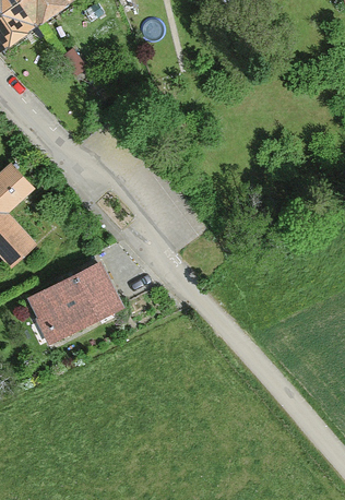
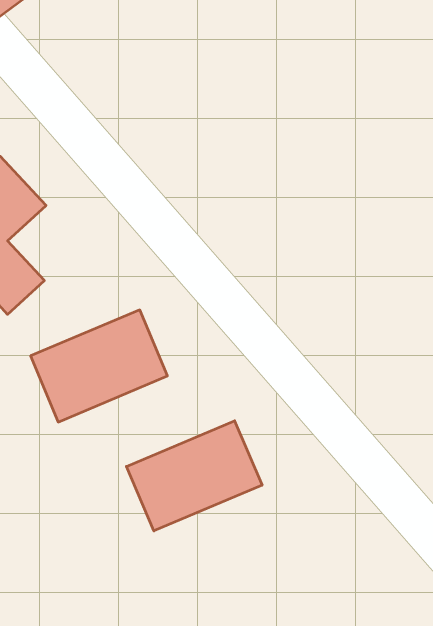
building: none -> [126,421,262,531]

